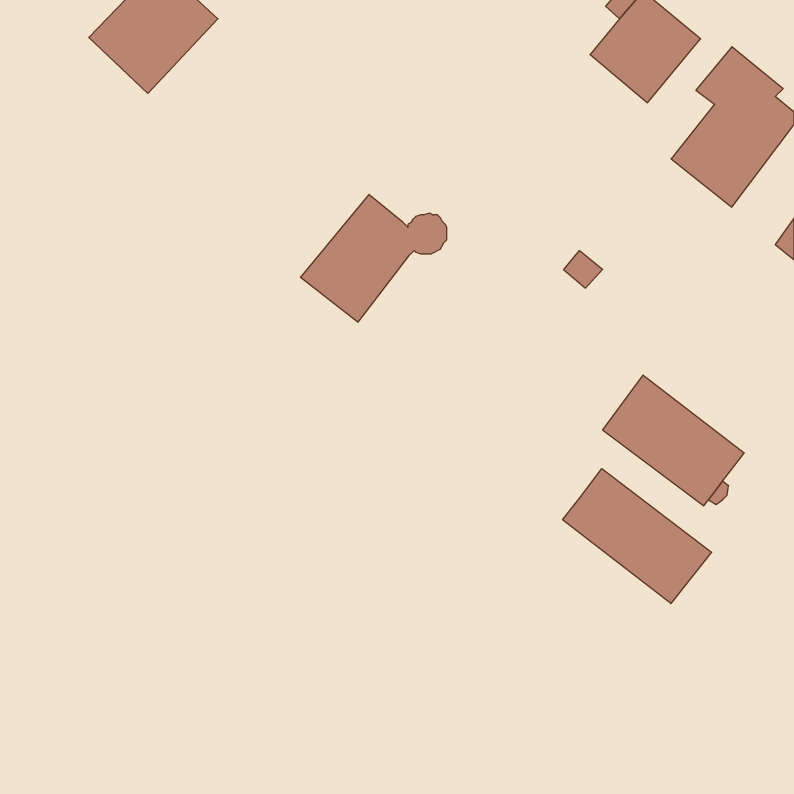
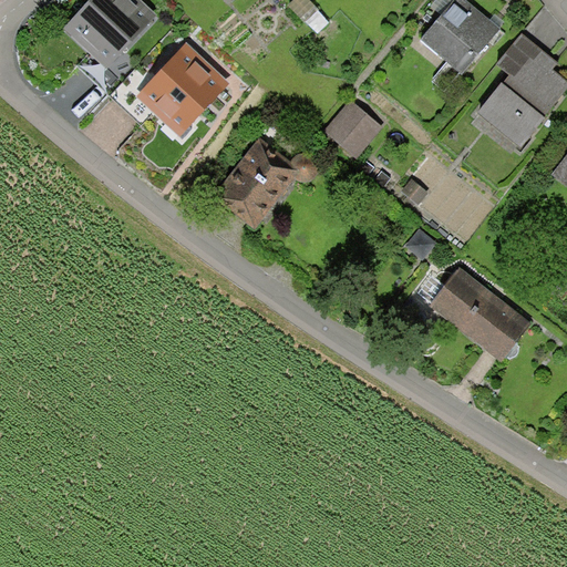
building: none -> [136,42,229,135]
building: none -> [322,97,383,159]
building: [563,469,712,604] -> none

